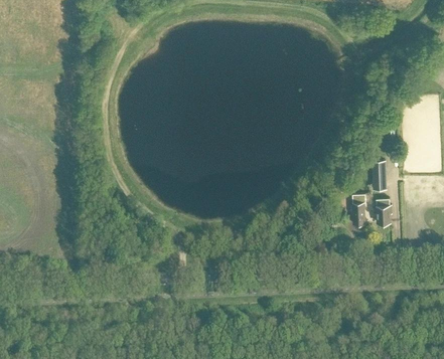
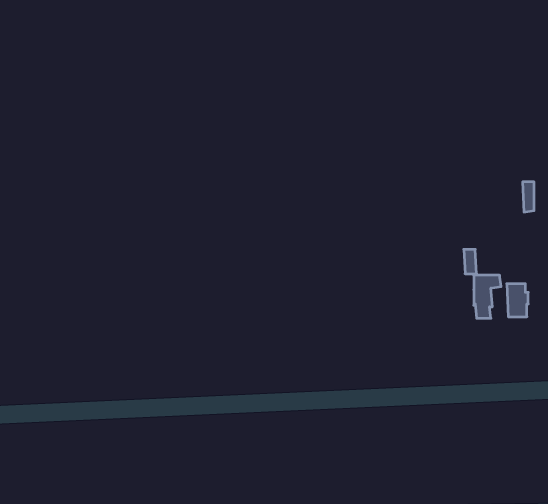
building: [377,163,392,191] -> none

